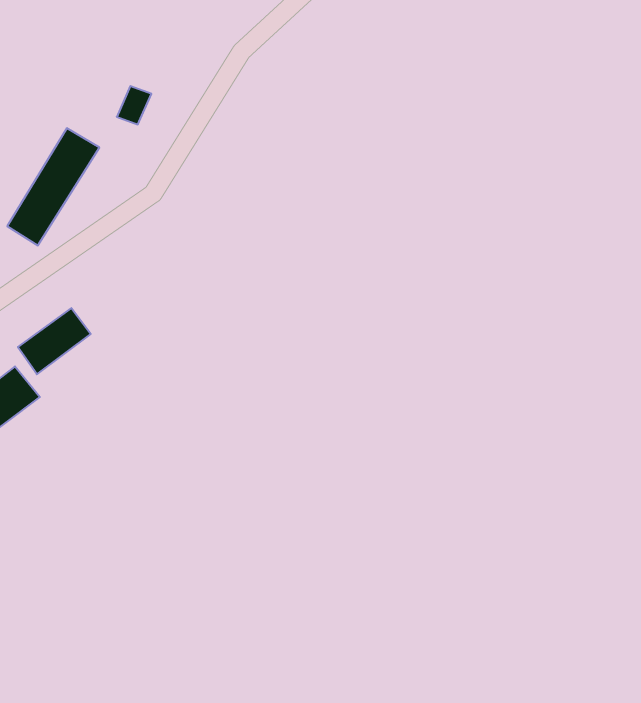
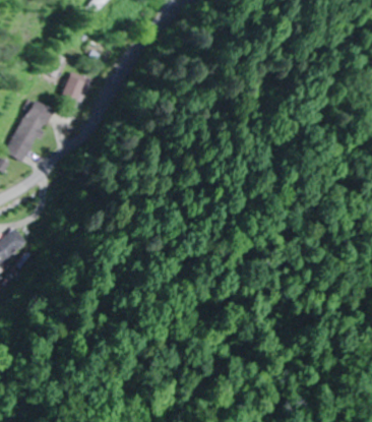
building: [18,308,91,374] -> none

